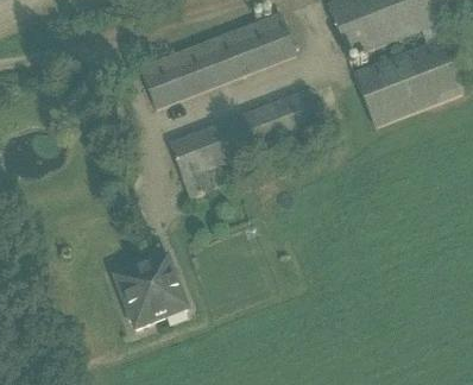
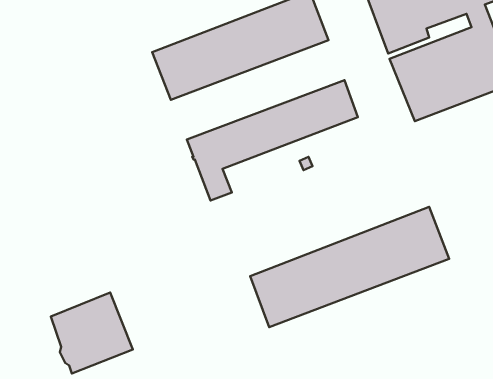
building: none -> [250,207,449,327]
building: [116,255,190,328] -> [51,293,133,373]

